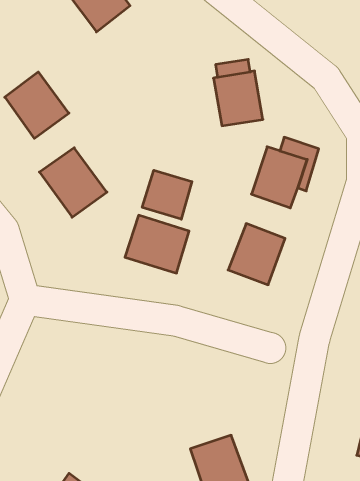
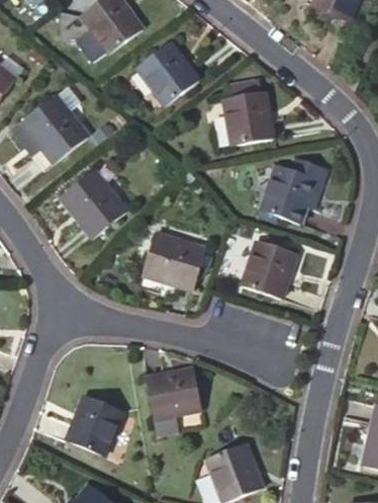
building: none -> [139,47,200,107]
building: [142,170,192,219] -> none
building: none -> [147,379,200,426]
building: none -> [66,398,123,458]

